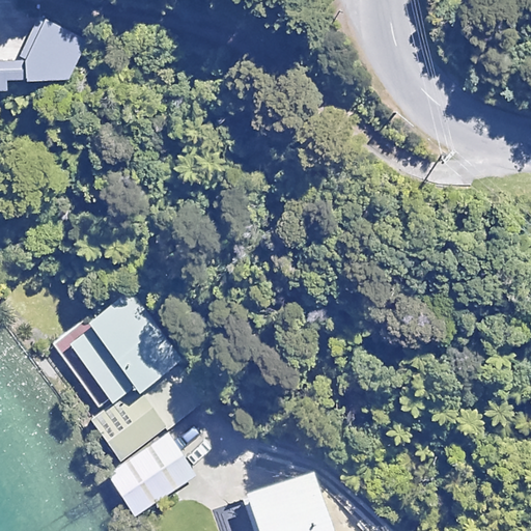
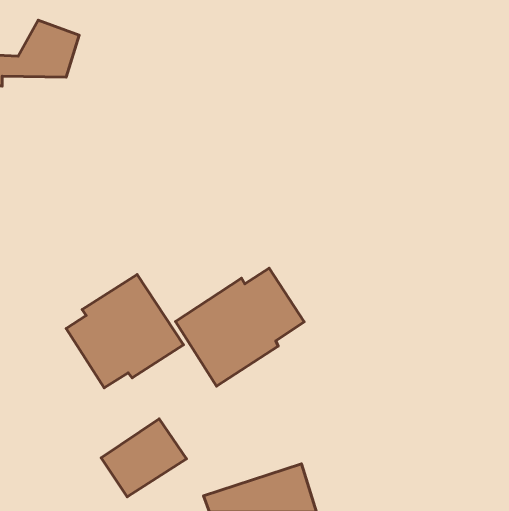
building: none -> [175,268,304,386]
building: [92,385,197,463] -> none

